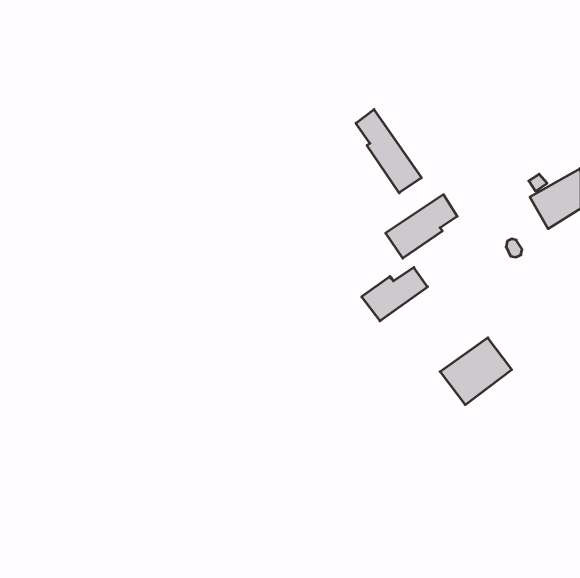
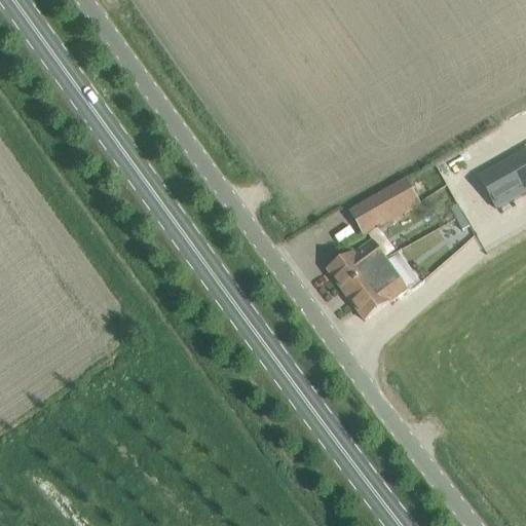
building: [356,109,421,193] -> none
building: [440,338,512,405] -> [344,259,409,320]

